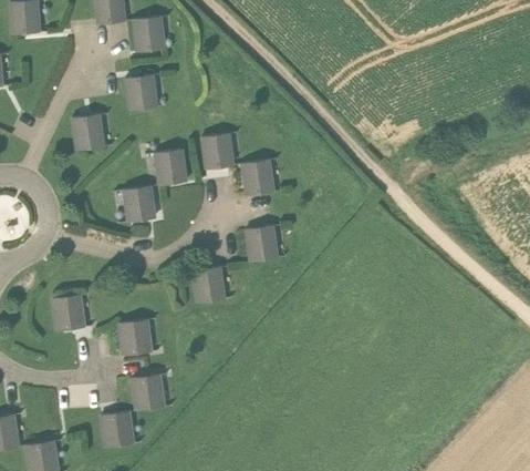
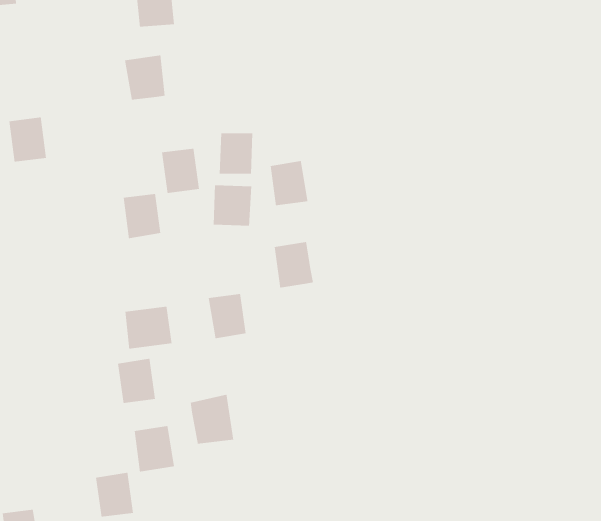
building: [72,113,103,150] -> [8,117,47,162]
building: none -> [213,185,252,226]
building: none -> [125,306,172,350]
building: [53,294,84,330] -> none
building: none -> [190,394,234,444]

